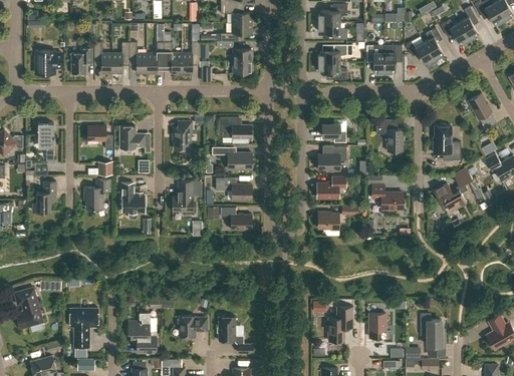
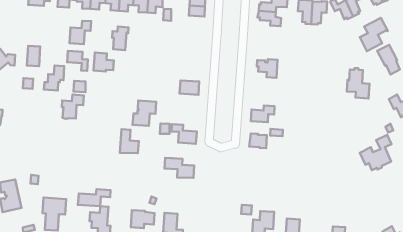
building: none -> [360,18,388,51]
building: none -> [69,21,91,44]
building: [219,116,252,142] -> none
building: [375,119,403,150] -> none
building: [173,120,192,148] -> [112,27,128,50]
building: [317,146,346,169] -> none
building: [434,166,473,211] -> [360,135,392,170]
building: [216,176,252,200] -> [165,158,194,178]
building: [33,180,56,211] -> [44,66,64,90]
building: [122,182,145,212] -> [120,129,139,153]
building: [371,184,405,211] -> none
building: none -> [78,189,111,206]

